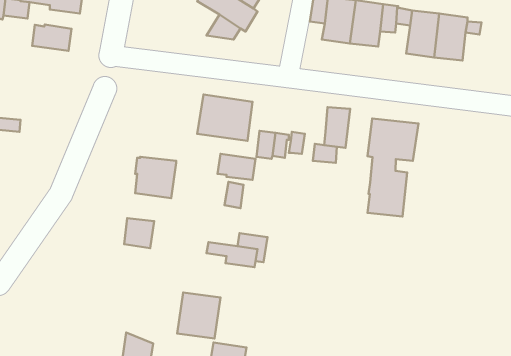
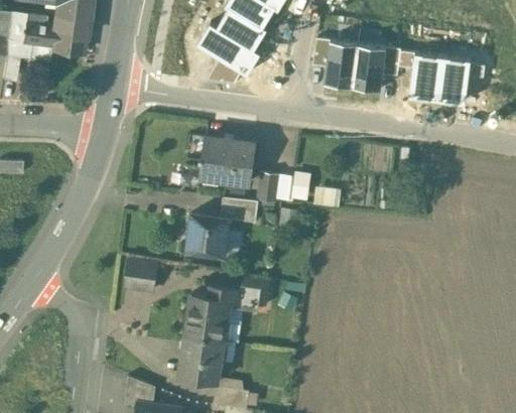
building: [32,25,71,51] -> none
building: [324,107,350,148] -> none
building: [367,118,418,217] -> none
building: [135,157,176,198] -> [187,214,229,255]
building: none -> [185,293,229,340]

